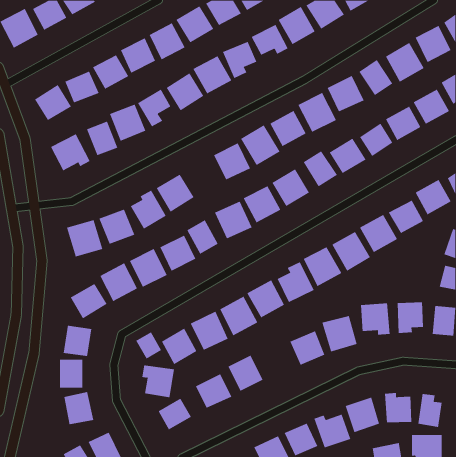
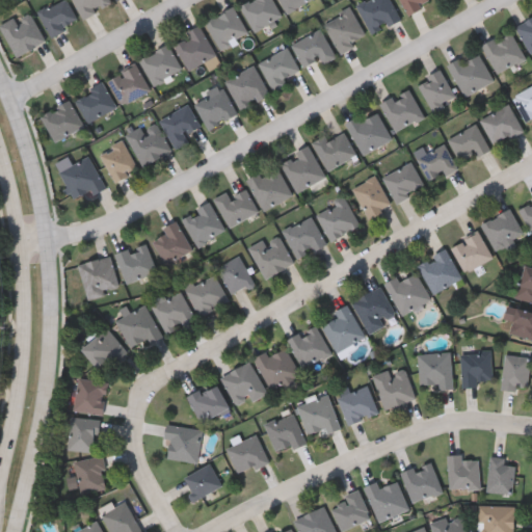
building: none -> [213,188,258,228]
building: [136,332,162,360] -> none
building: none -> [296,395,339,437]

